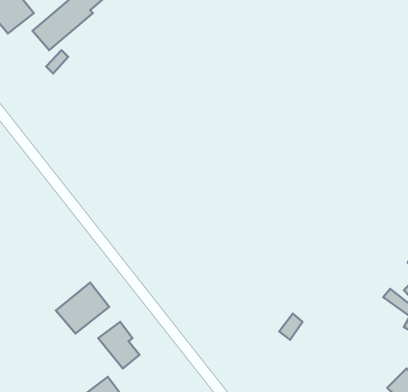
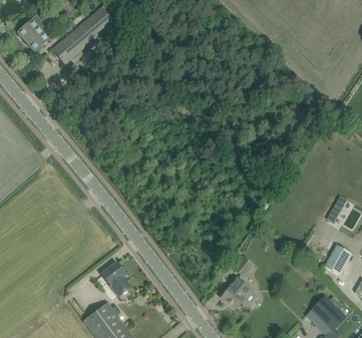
building: [56,282,109,334] -> none
building: none -> [220,278,255,309]

